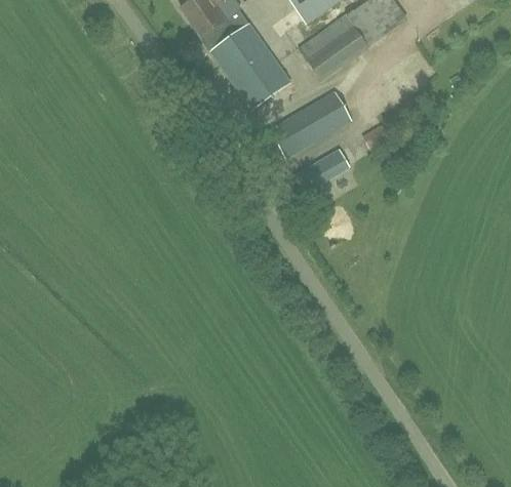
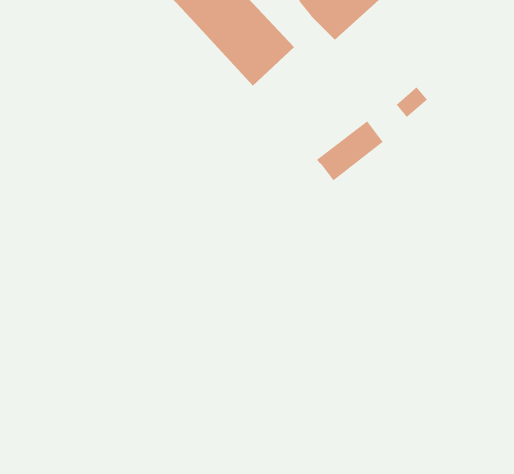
building: [272,91,351,158] -> none

